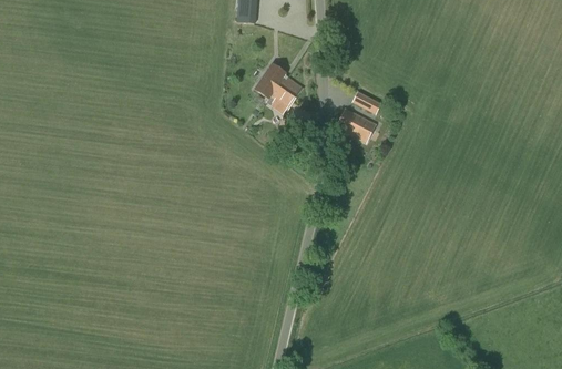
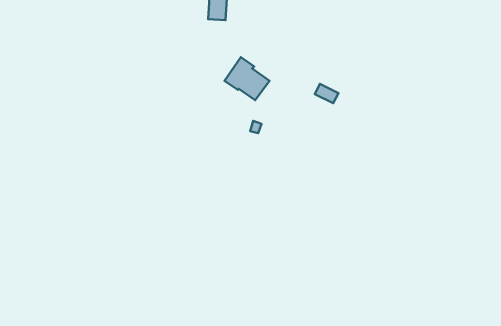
building: [335,107,376,144] -> none

